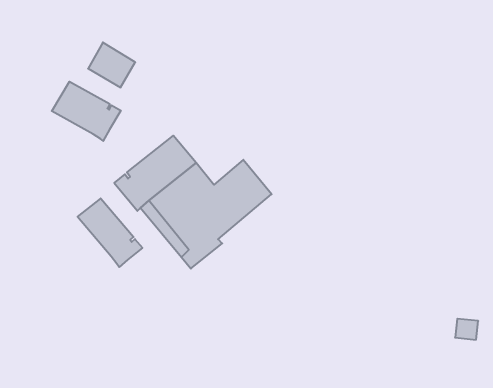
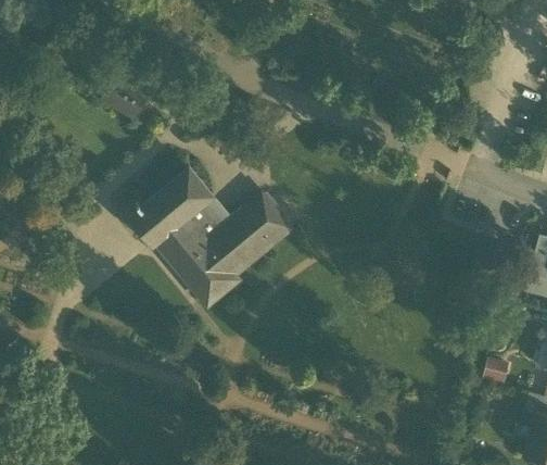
building: [52,82,121,141] -> none
building: [78,198,142,267] -> none

